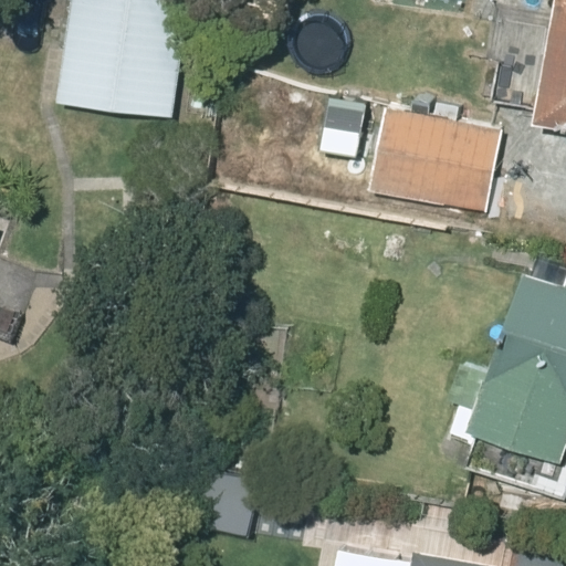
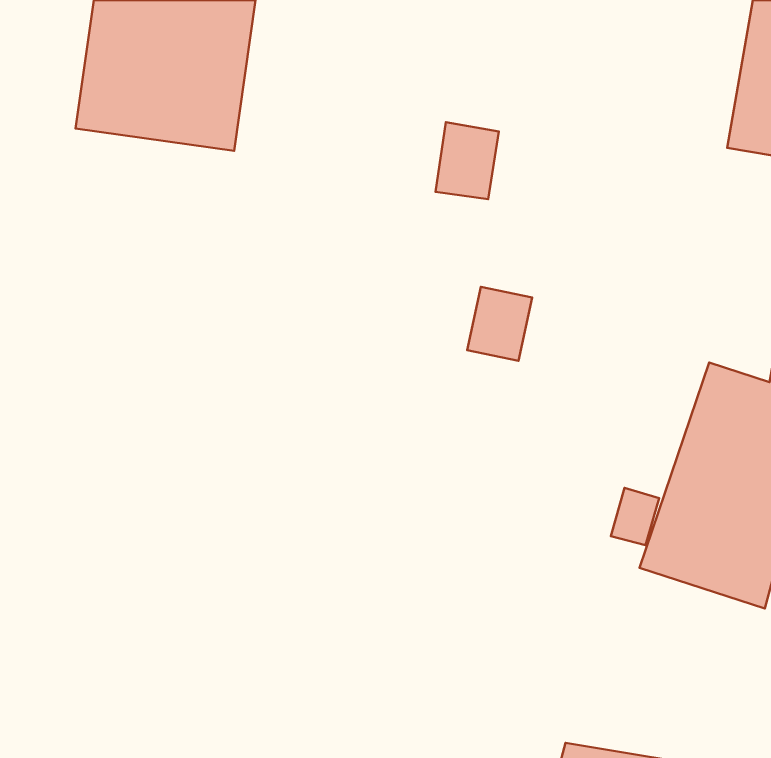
building: [371,107,503,213] -> none

